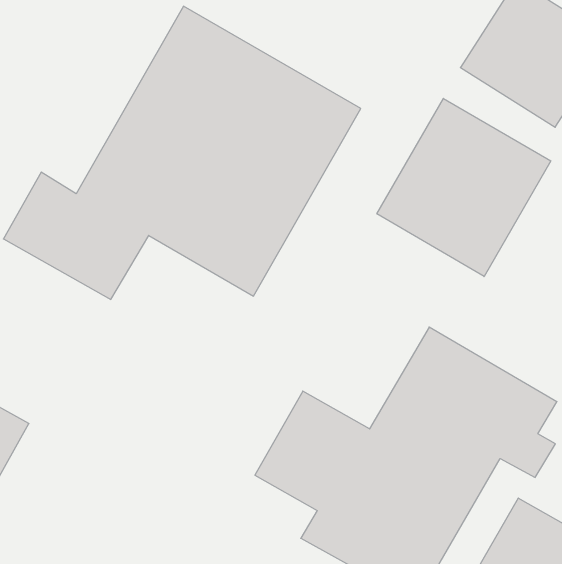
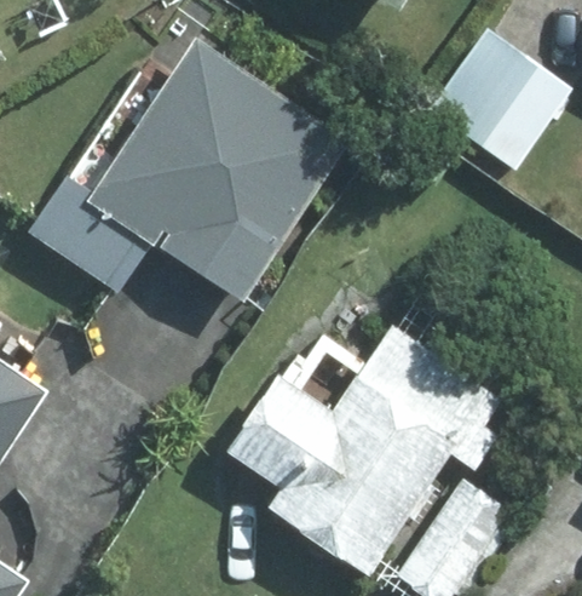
building: [377,98,551,277] -> none

